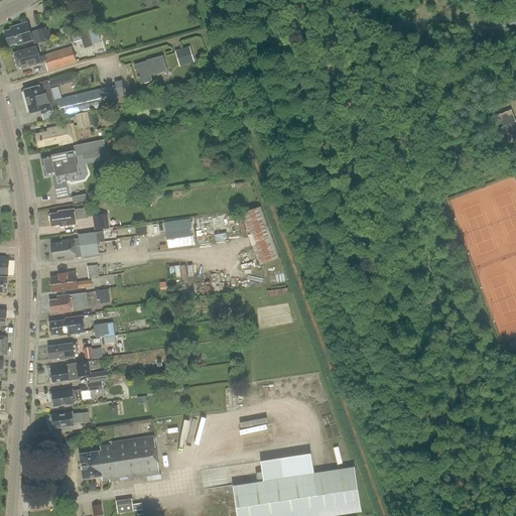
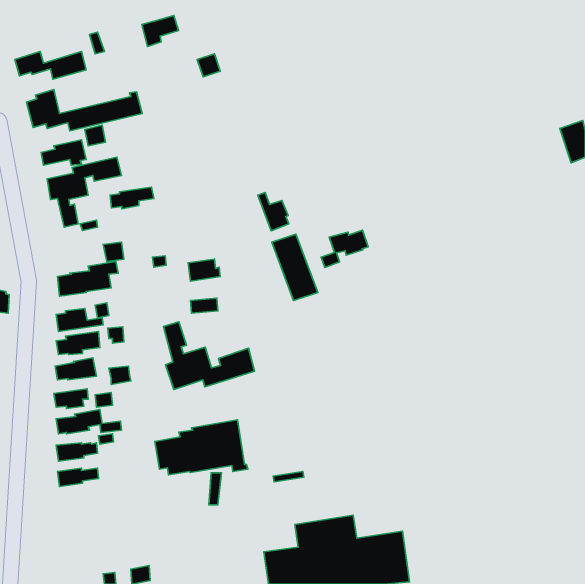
building: [4,21,50,44] -> none
building: [134,56,166,84] -> [142,15,179,46]
building: none -> [258,193,289,231]
building: none -> [321,230,368,267]
building: [49,207,88,226] -> [110,187,154,209]
building: none -> [163,322,254,390]
building: [79,434,160,483] -> [155,420,248,475]

